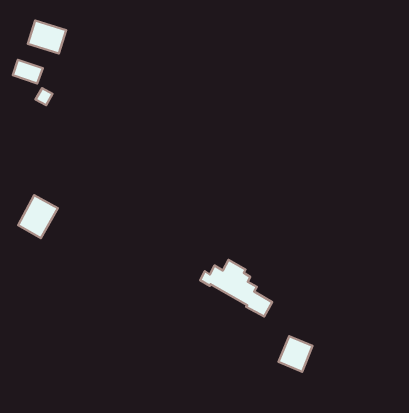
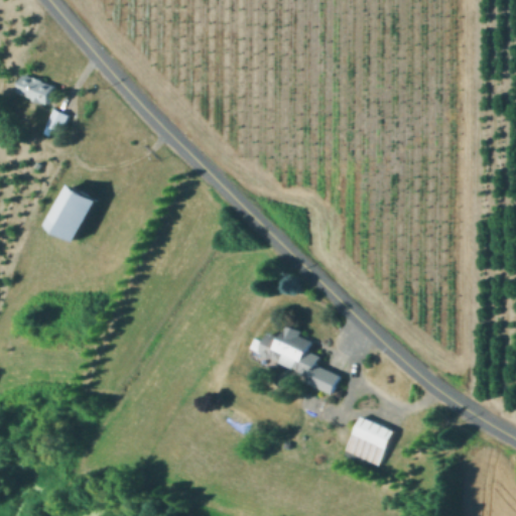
building: [28,20,66,54] -> none
building: [18,195,58,238] -> [46,186,96,240]

